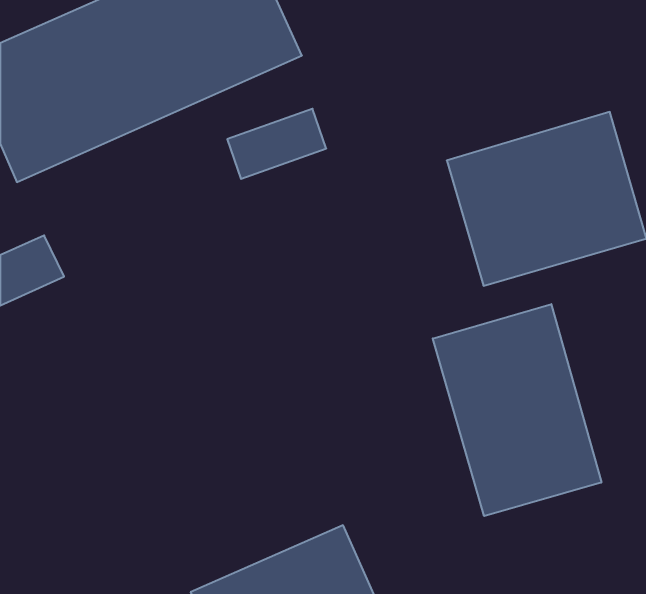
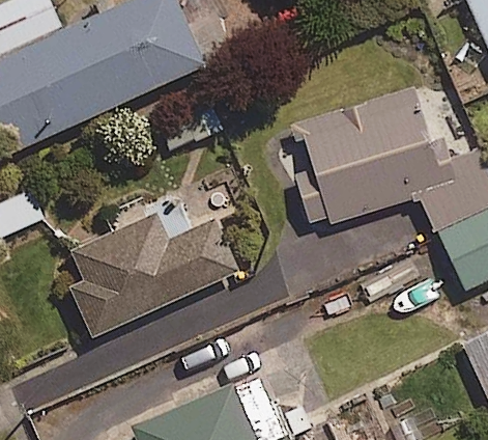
building: none -> [68,213,238,338]
building: [433,304,601,516] -> none

